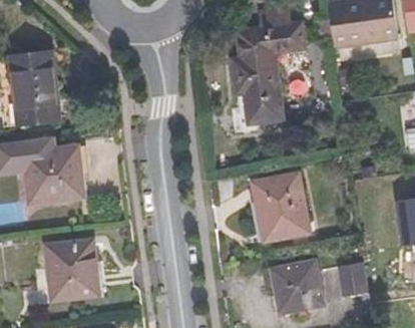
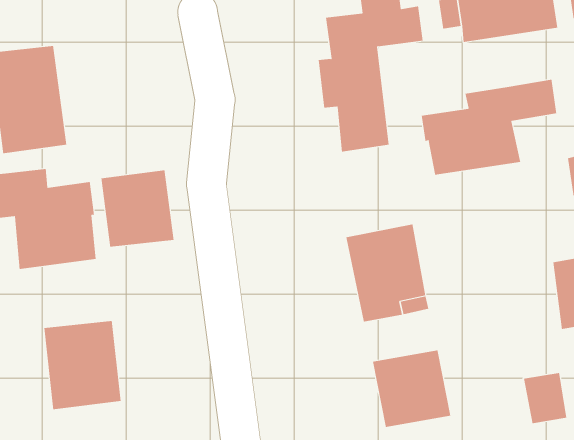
building: none -> [421,79,557,175]
building: none -> [101,169,174,248]
building: [335,261,365,296] -> [523,373,567,424]

